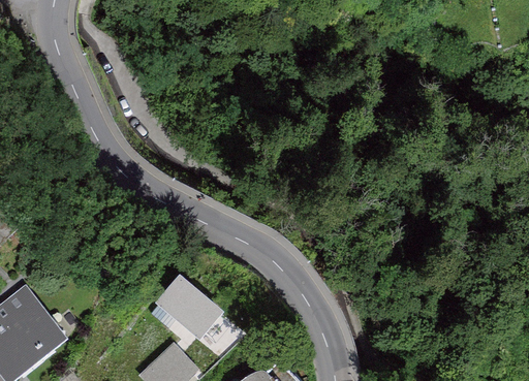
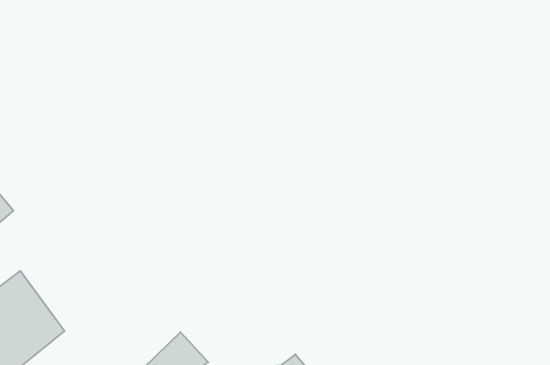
building: [154,276,222,341] -> none

